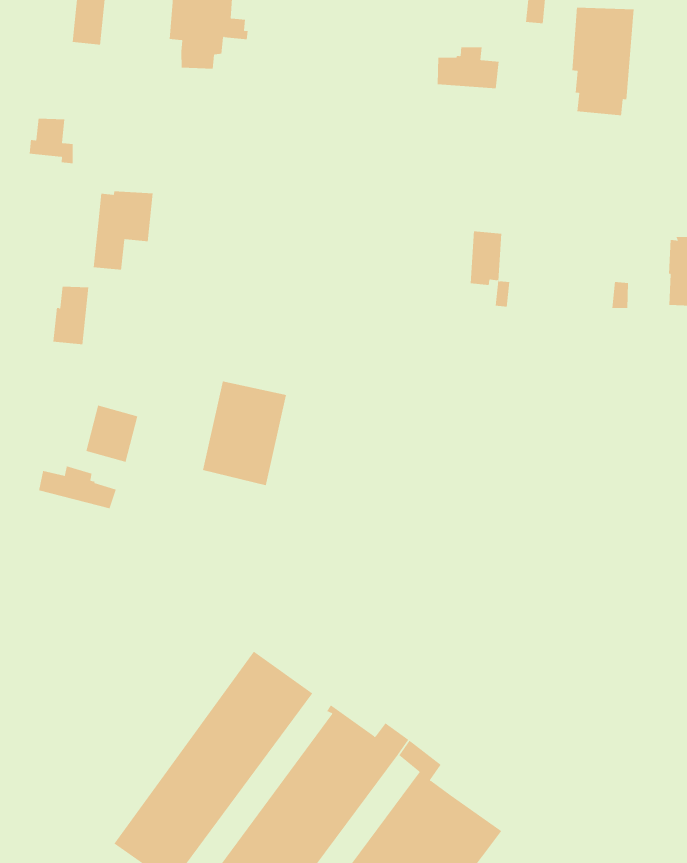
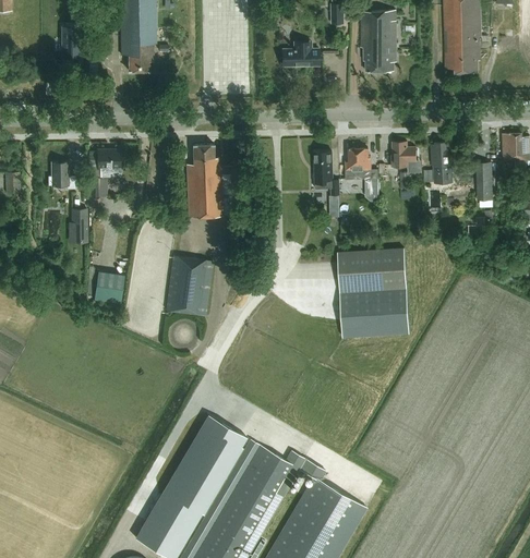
building: [29,118,74,164] -> [48,162,75,189]
building: none -> [185,144,233,217]
building: none -> [392,143,417,167]
building: none -> [345,148,377,197]
building: none -> [337,248,409,337]
building: [38,466,116,509] -> none

